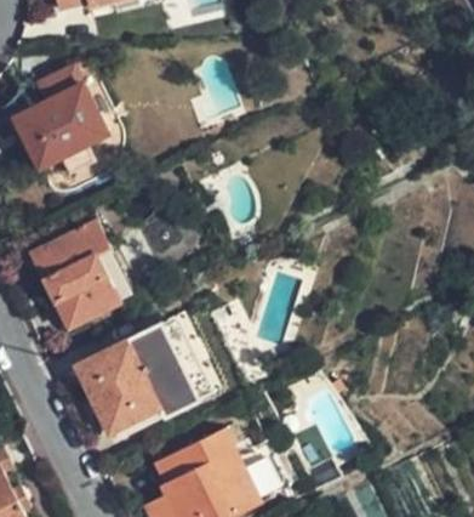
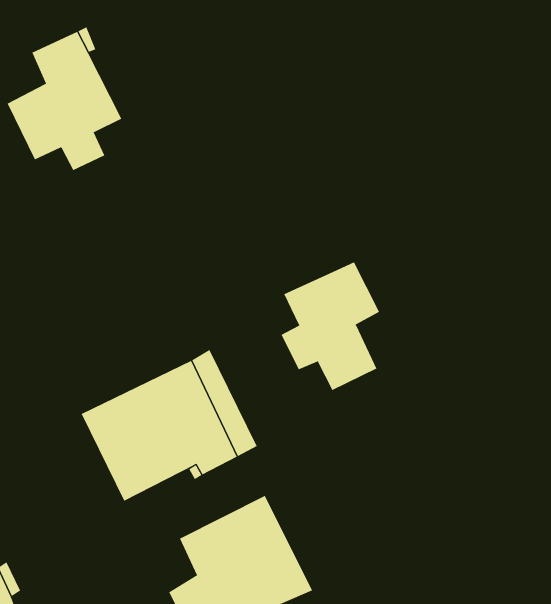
building: [32,223,113,328] -> none
building: none -> [281,261,380,391]

